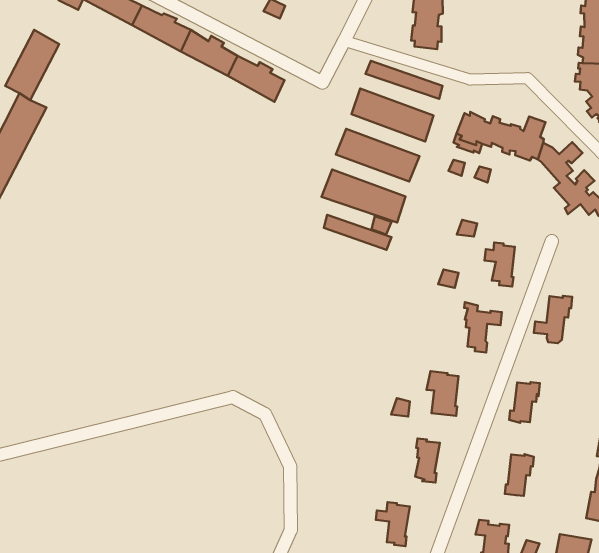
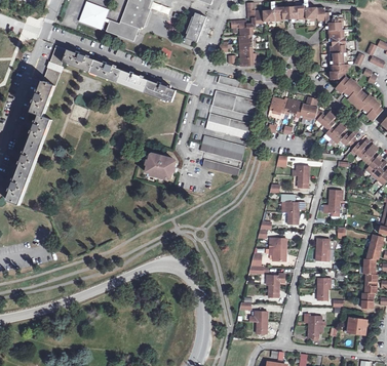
building: none -> [143,153,172,178]

